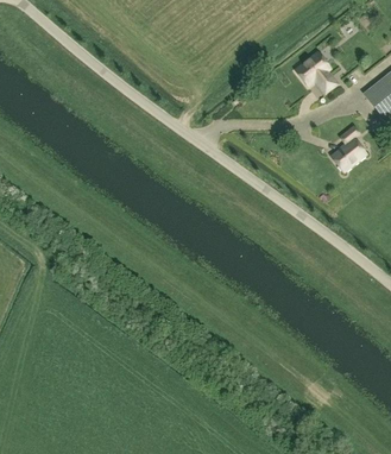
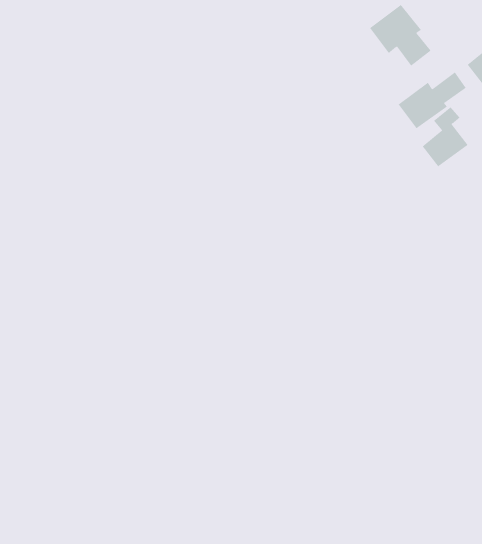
building: none -> [398,72,467,129]

